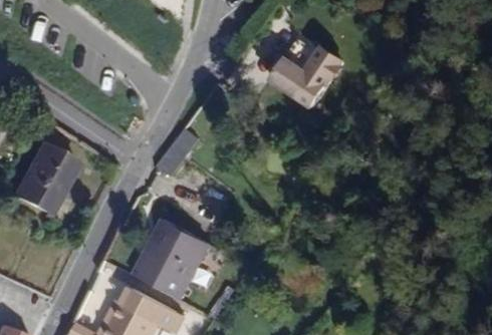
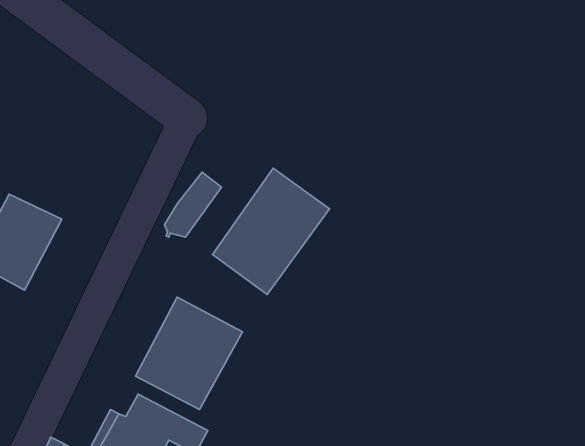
building: [268,39,338,109] -> none
building: none -> [213,168,330,295]

